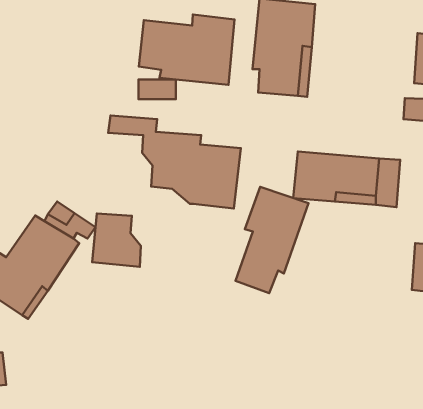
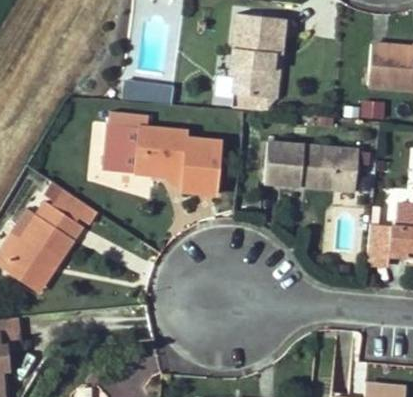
building: [139,14,234,85] -> none
building: [235,187,308,293] -> none
building: [92,213,141,267] -> [104,129,146,175]

